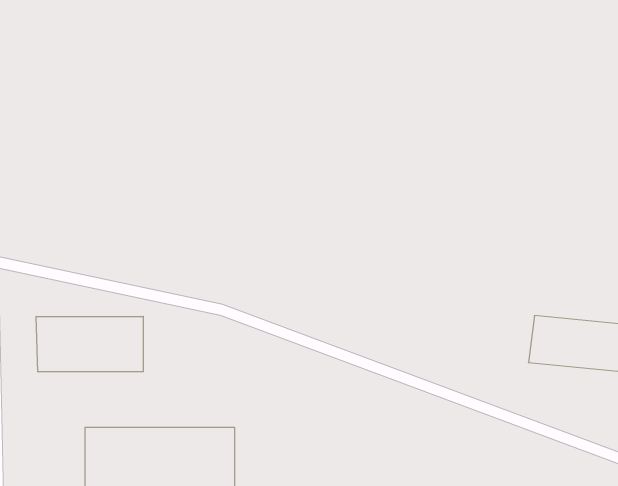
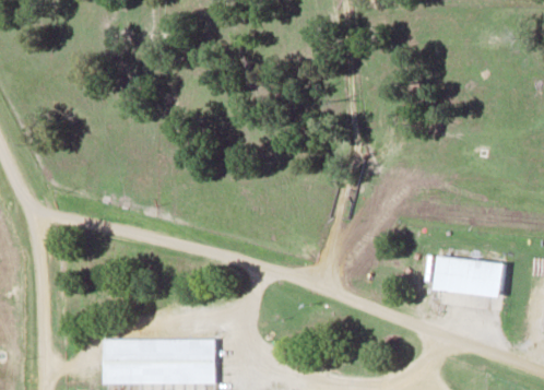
building: [36,316,143,372] -> none

